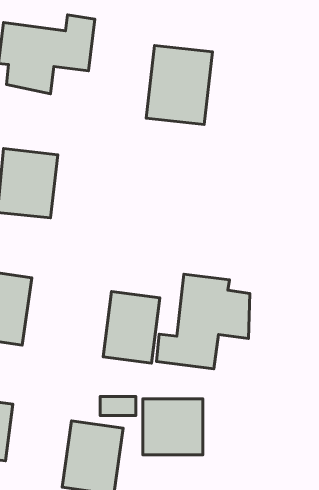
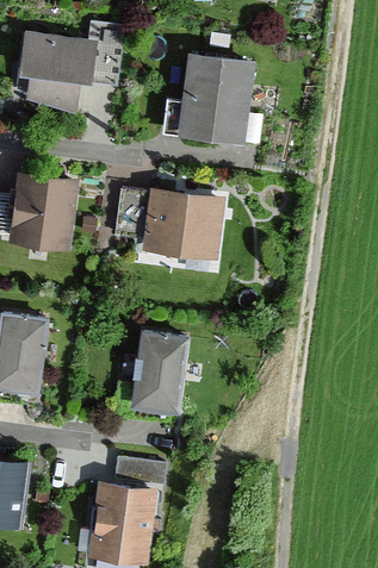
building: none -> [113,188,219,261]
building: [157,274,250,369] -> none
building: [143,399,203,455] -> none

